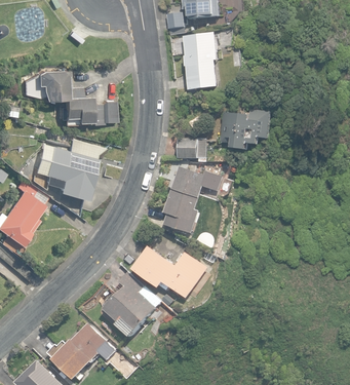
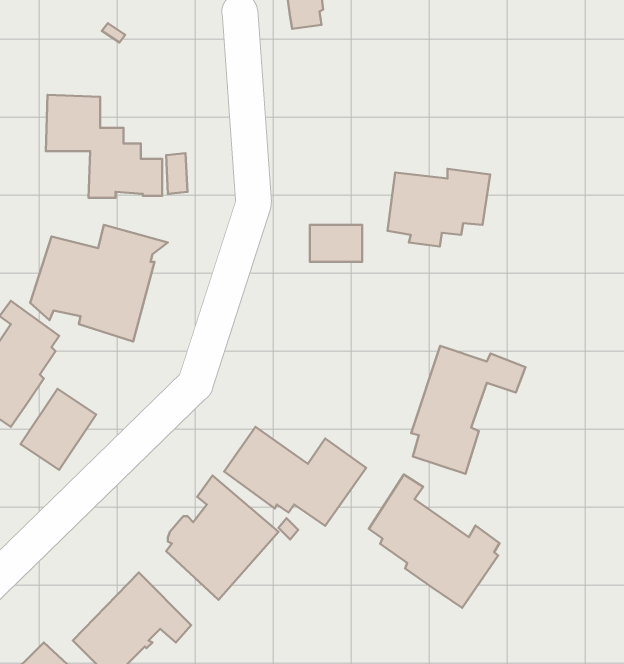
building: [185,33,220,90] -> none
building: [164,166,225,234] -> [411,346,526,474]
building: none -> [20,389,96,470]
building: none -> [369,475,500,608]

